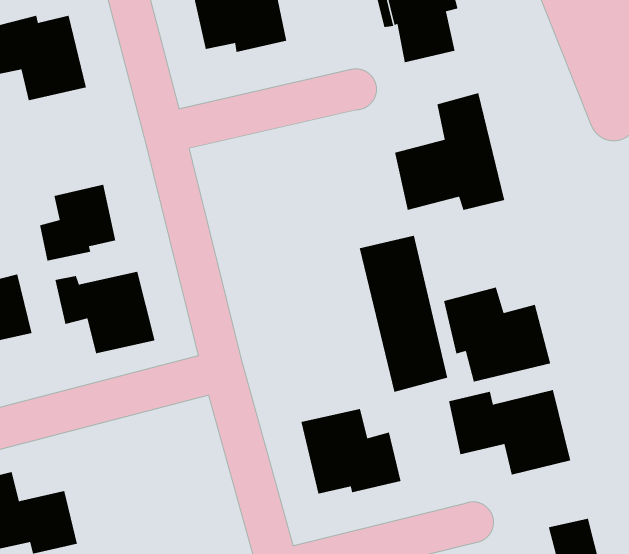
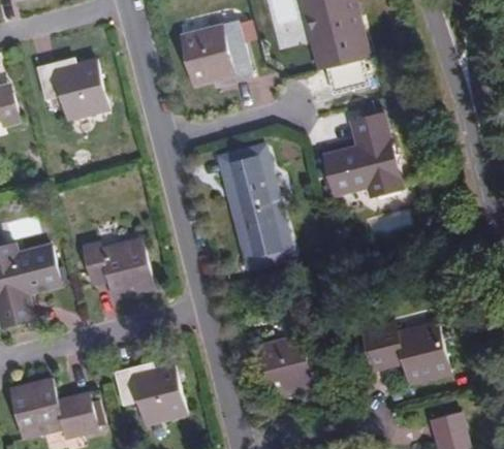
building: [39,184,116,261] -> none
building: [359,235,448,393] -> [223,149,286,260]
building: [443,287,551,382] -> none
building: none -> [115,363,187,425]

